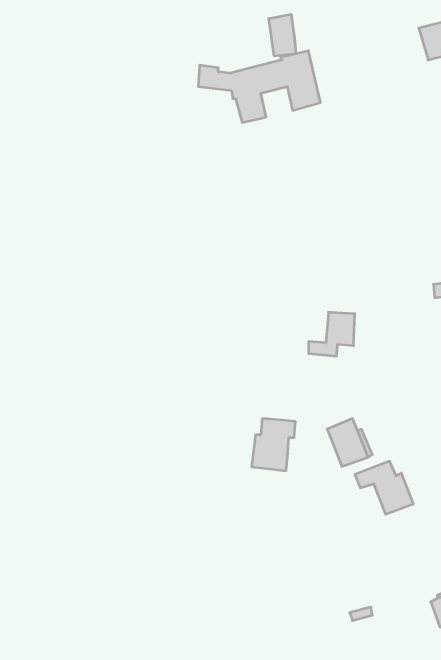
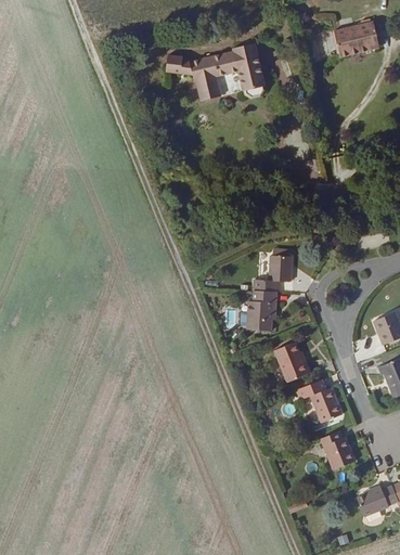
building: [269,14,296,56] -> none
building: [252,419,295,471] -> [244,291,280,333]
building: none -> [318,430,351,470]

